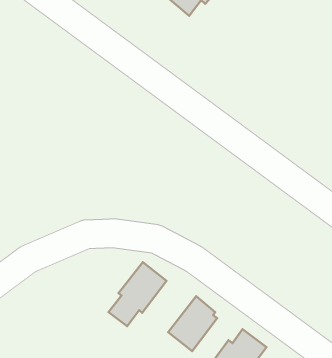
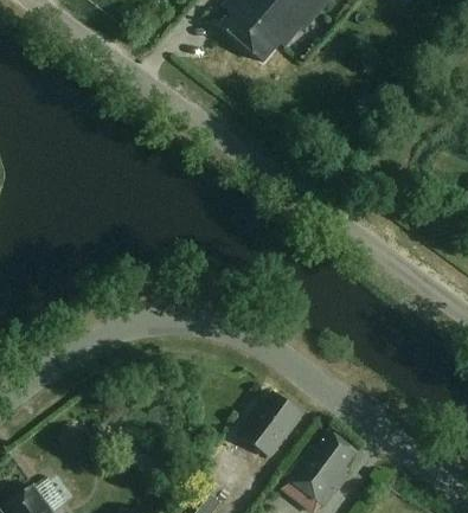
building: [108,262,167,326] -> none

